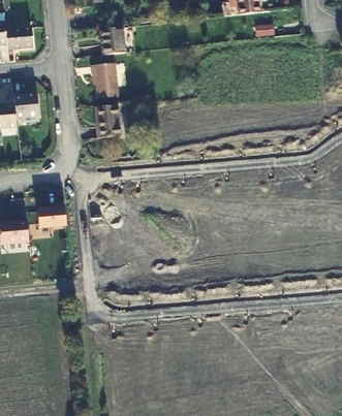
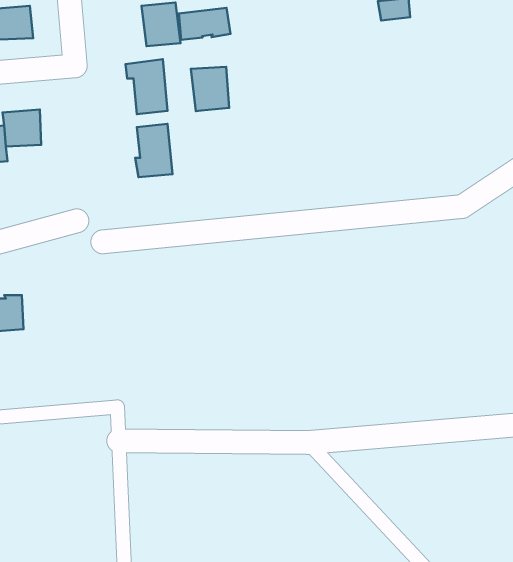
building: none -> [179,8,231,40]
building: none -> [191,67,229,111]
building: [36,205,65,229] -> none

